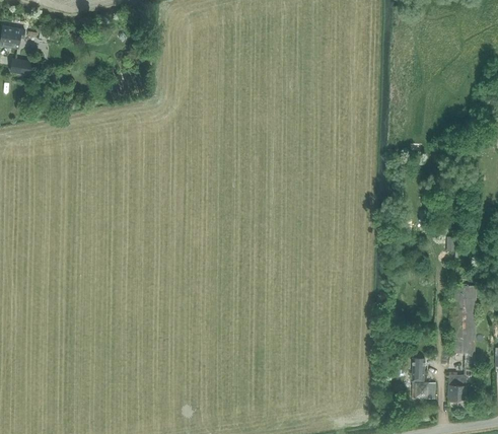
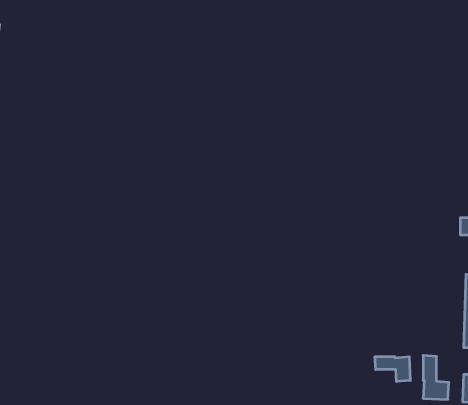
building: none -> [375,357,410,382]

